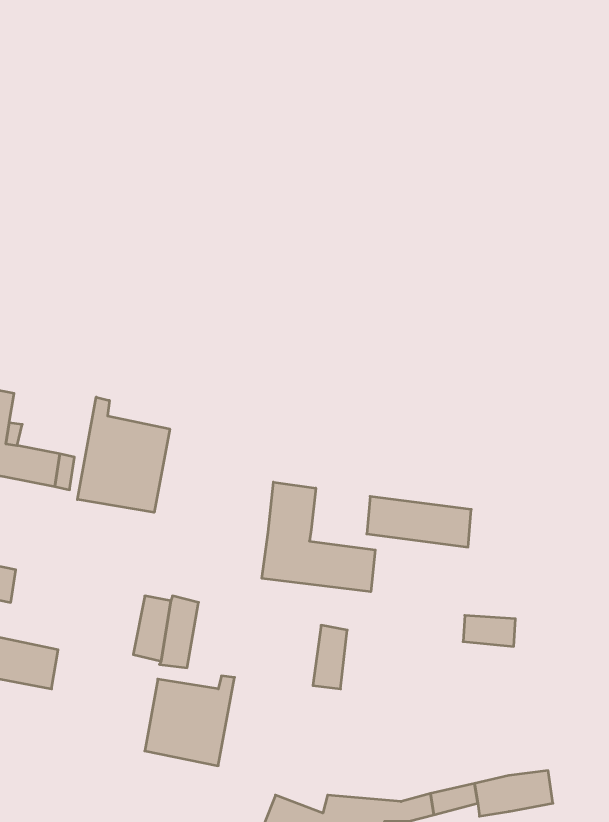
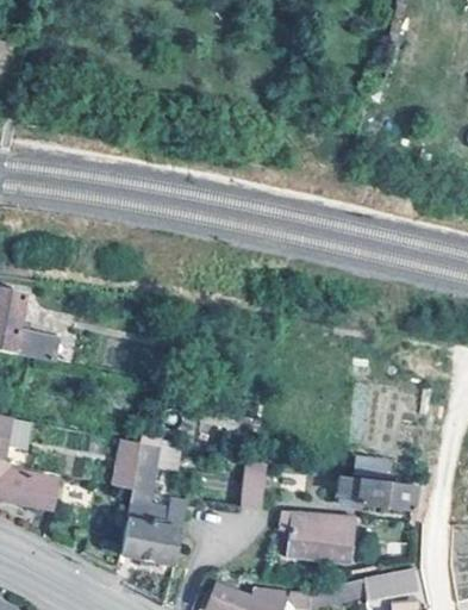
building: [77,397,170,512] -> none
building: [262,482,375,592] -> none
building: [367,496,471,547] -> [339,475,416,512]
building: none -> [279,511,355,562]

